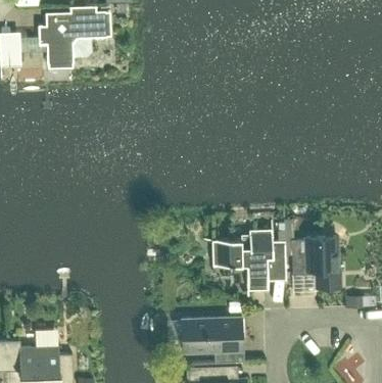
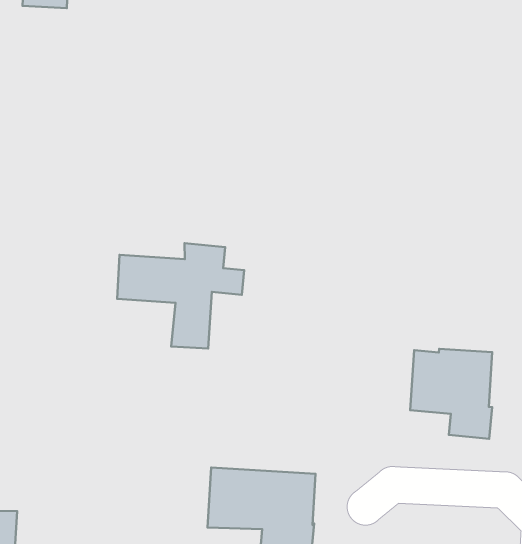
building: [212,231,285,291] -> [117,243,244,348]

